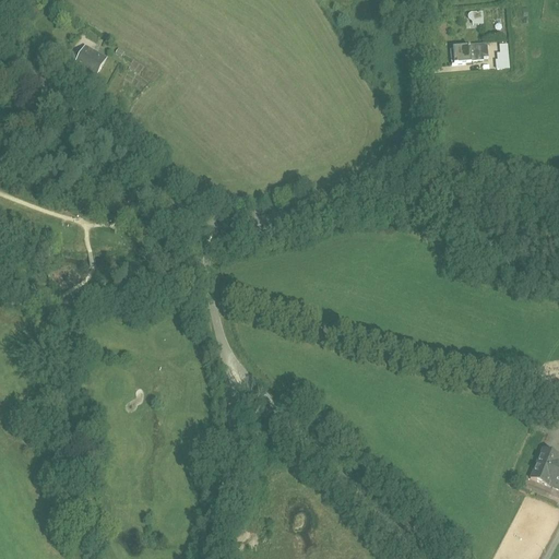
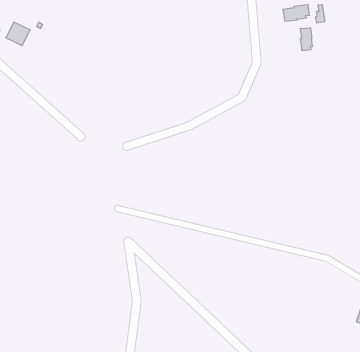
building: none -> [300,28,312,51]

